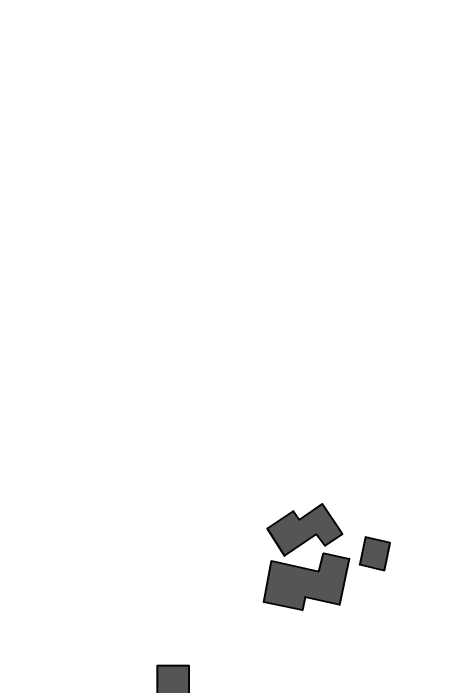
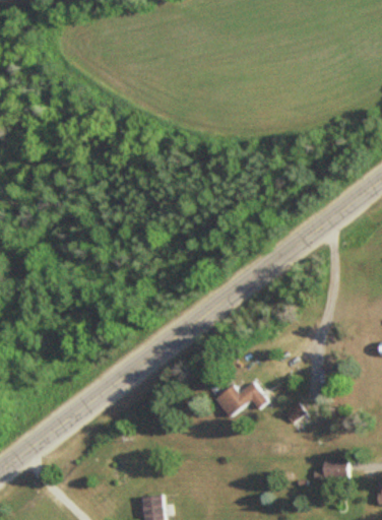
building: [264,553,349,610] -> none
building: none -> [320,460,347,477]

